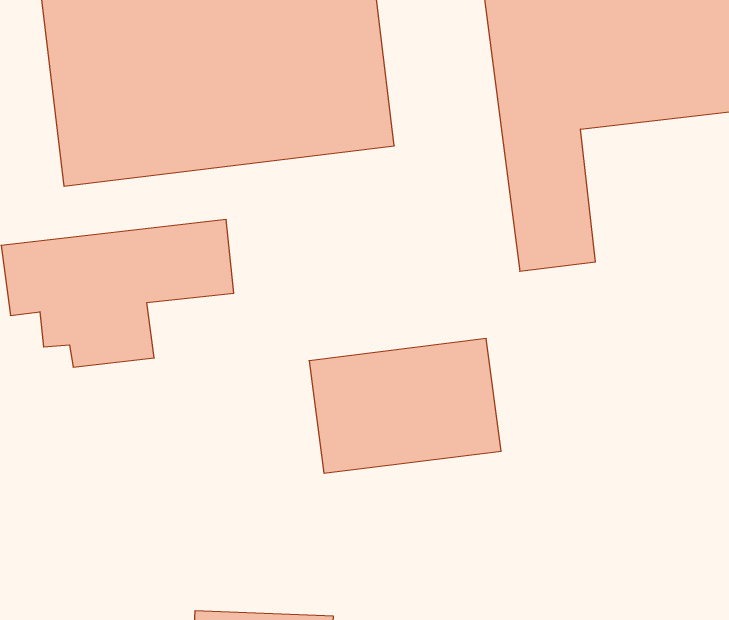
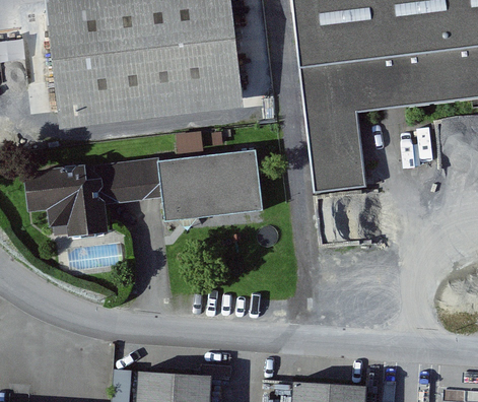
building: [309,339,501,473] -> [157,151,263,225]

